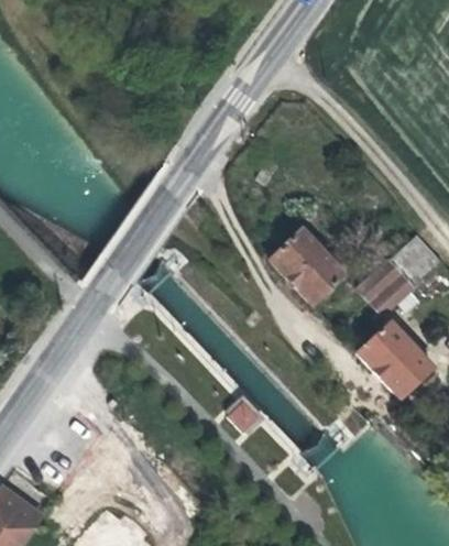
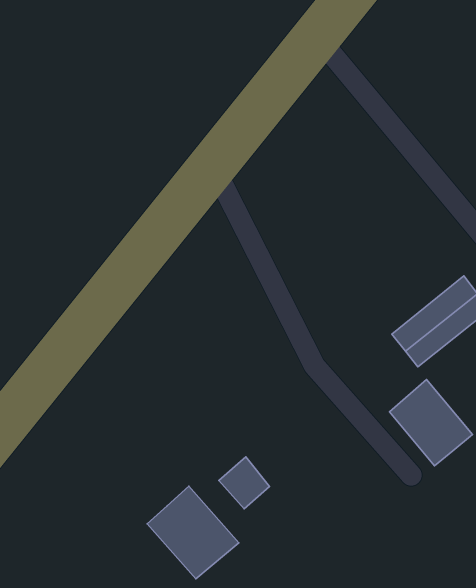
building: [272,227,343,301] -> none
building: none -> [147,486,239,579]

